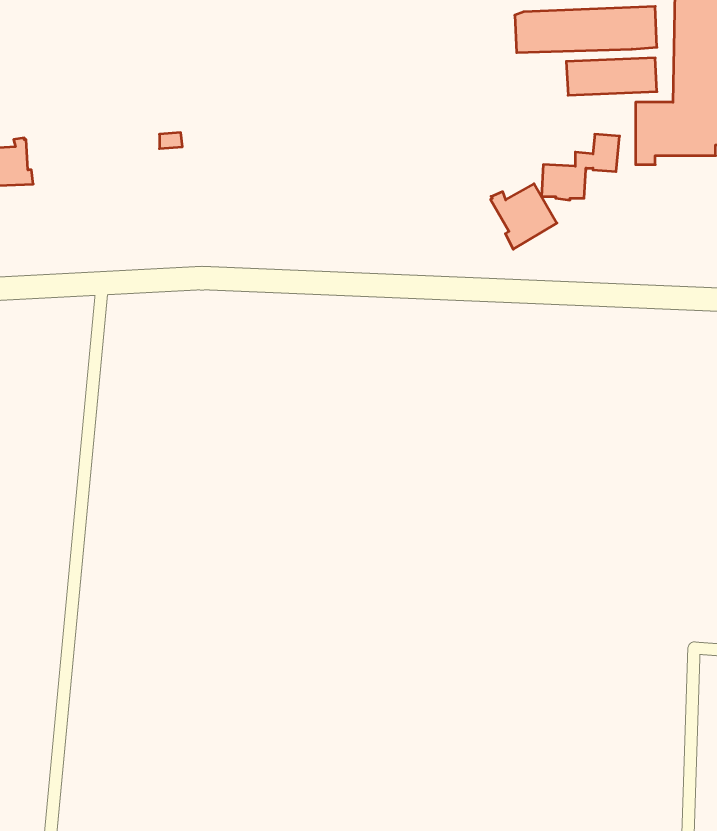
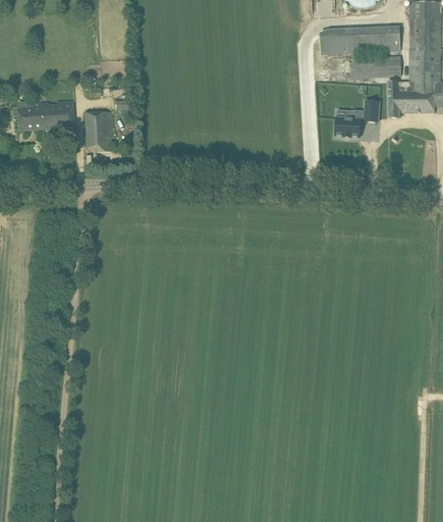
building: none -> [40,100,73,127]
building: none -> [85,110,112,150]
building: [491,184,557,249] -> none

